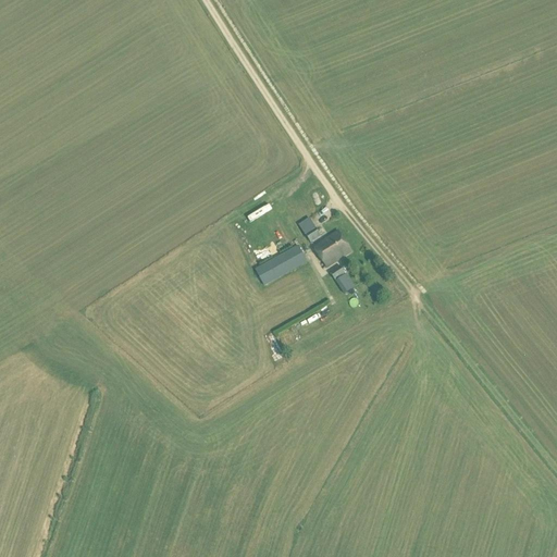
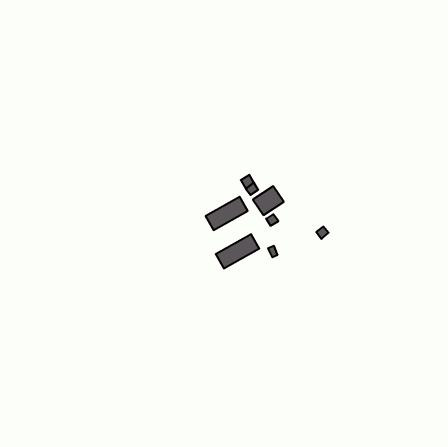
building: none -> [216,234,259,269]

